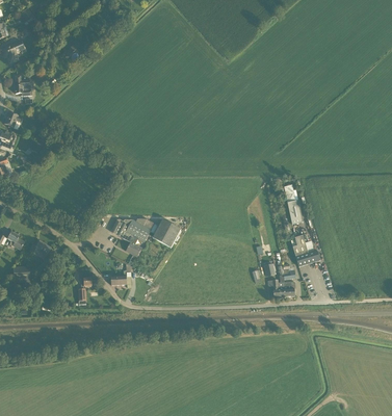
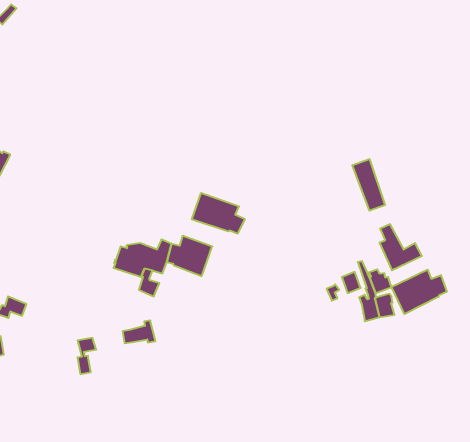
building: none -> [192,193,245,234]
building: none -> [391,270,447,314]

